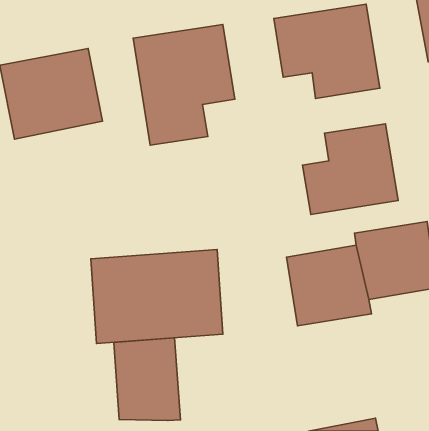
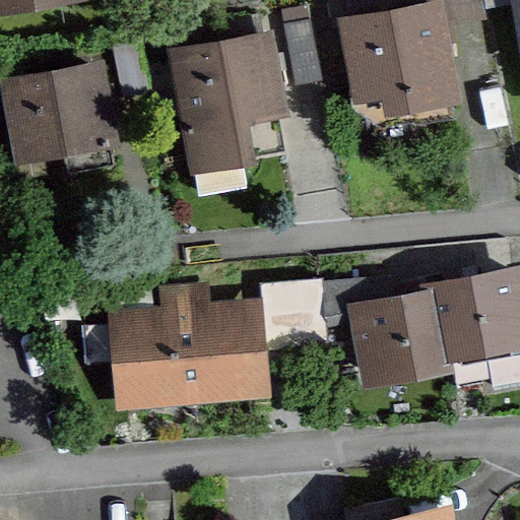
building: [303,124,398,214] -> none
building: [114,338,181,420] -> none

